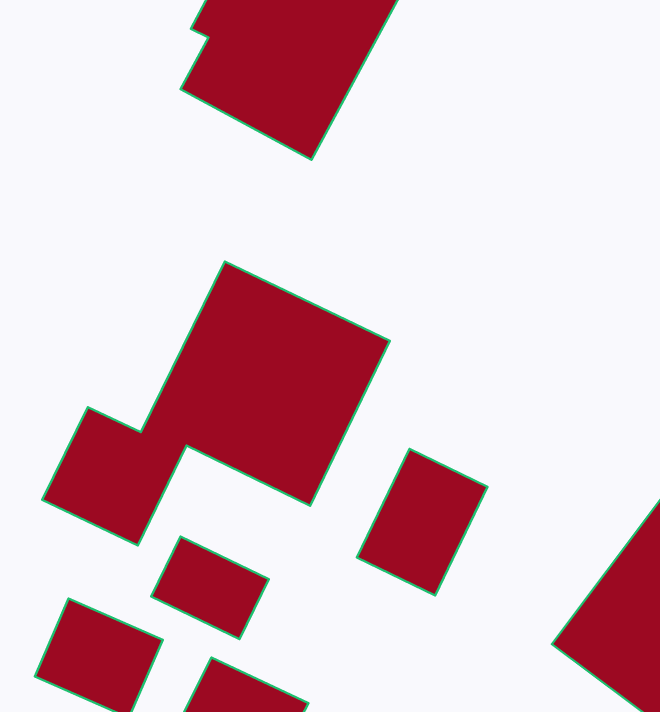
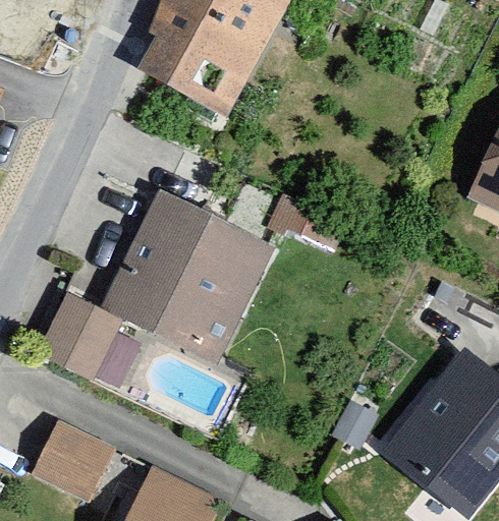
building: [357,449,488,595] -> none
building: [151,537,269,639] -> none

